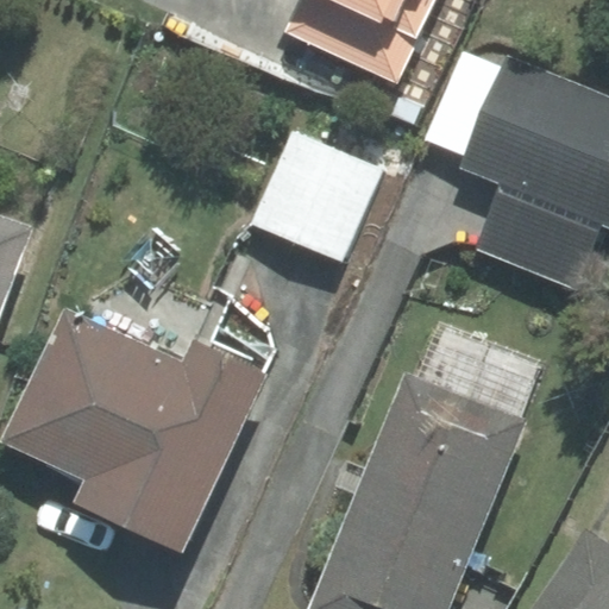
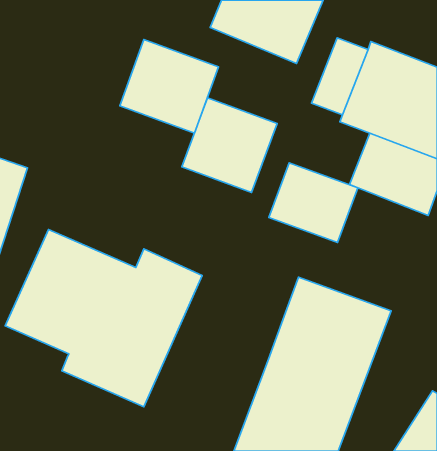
building: none -> [120,39,218,133]
building: none -> [269,163,358,242]

